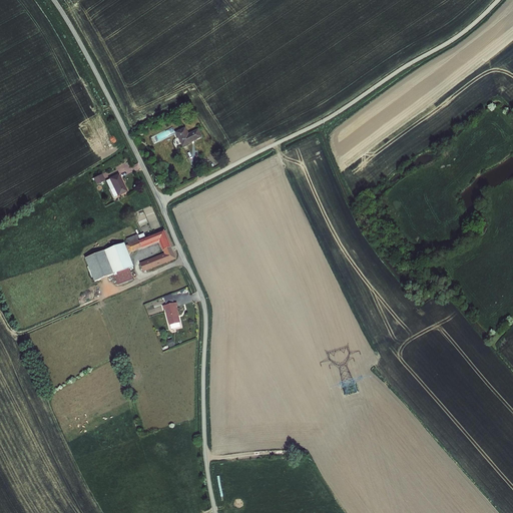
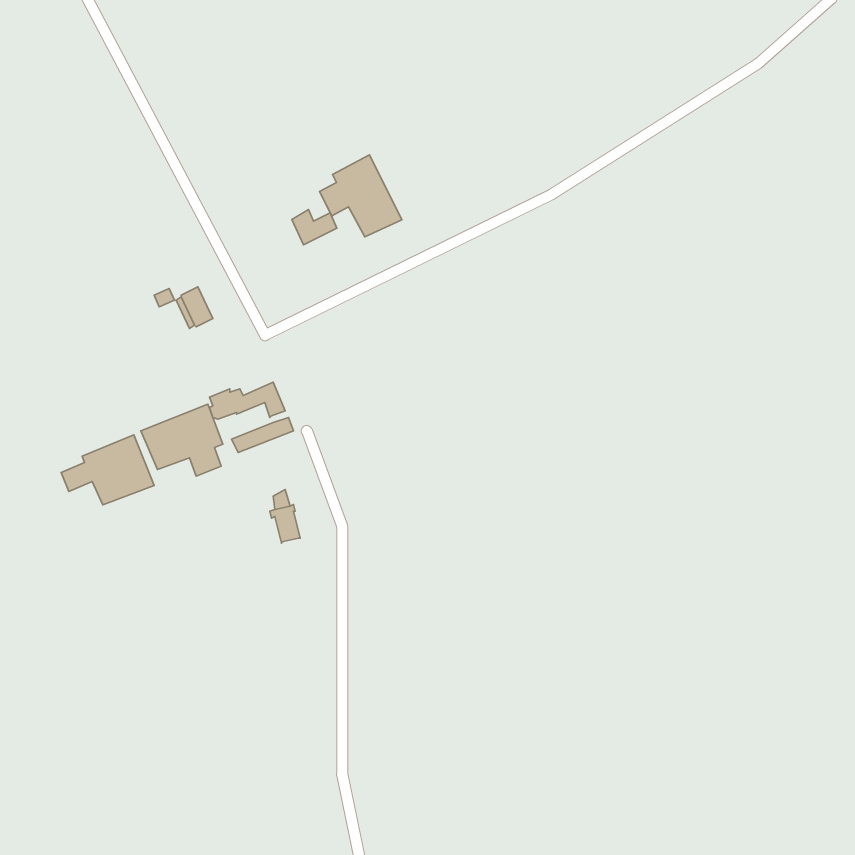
building: none -> [320,155,402,237]
building: none -> [61,435,154,505]

